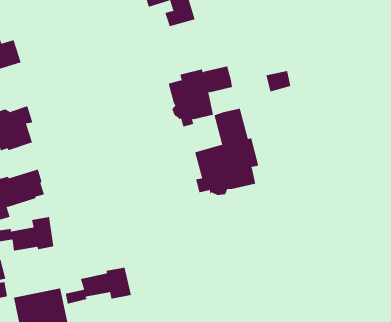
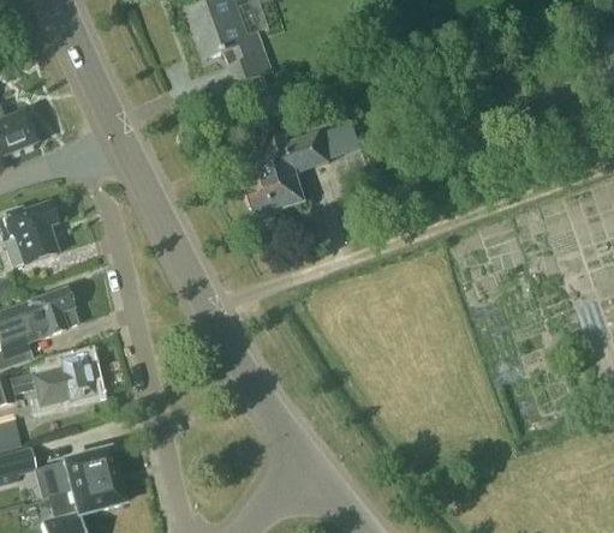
building: [266,70,291,92] -> [321,122,357,154]
building: [195,108,259,196] -> none
building: [65,267,132,304] -> none

